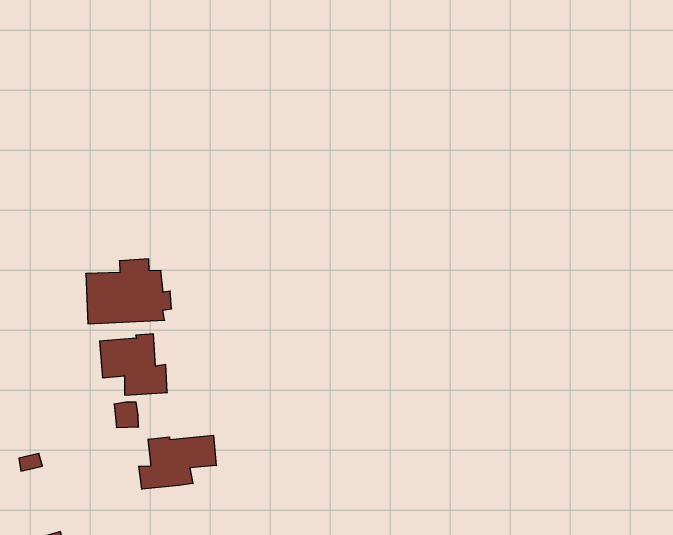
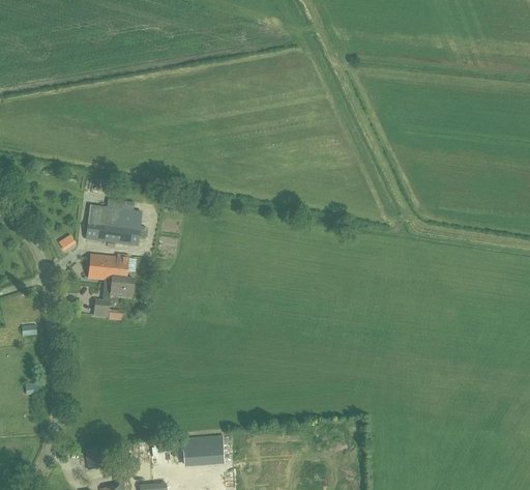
building: [139,435,216,489] -> none

